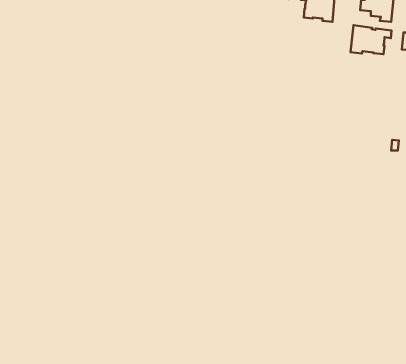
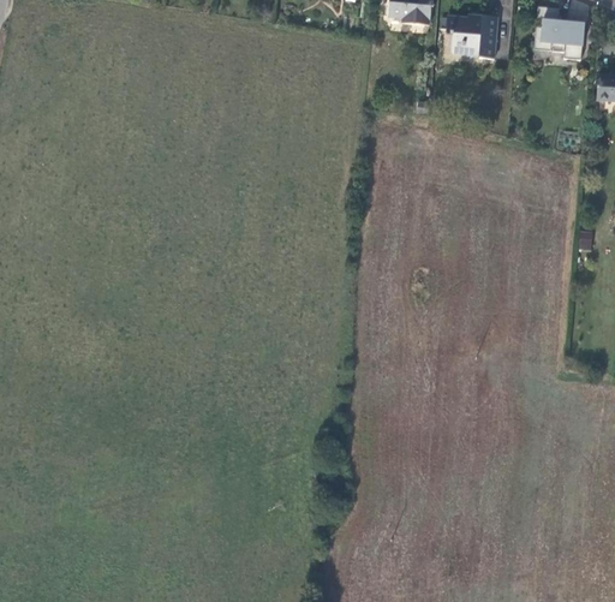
building: [351,25,392,54] -> none

